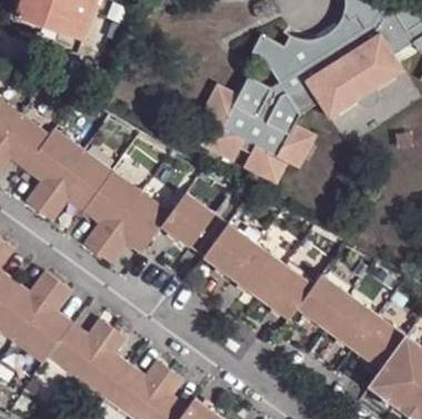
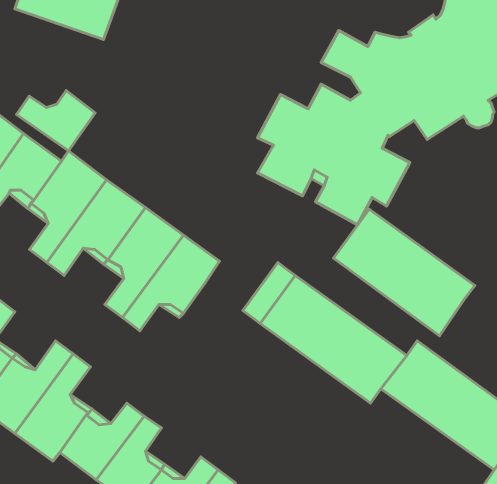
building: none -> [17,90,95,151]
building: none -> [333,209,475,336]
building: [159,191,214,248] -> none

